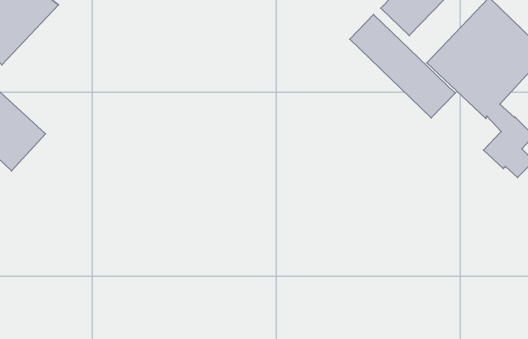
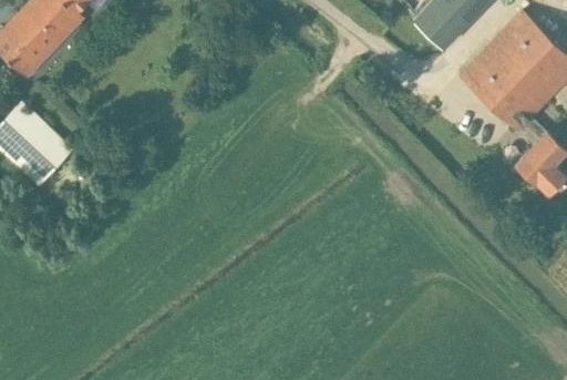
building: [350,15,455,118] -> none

